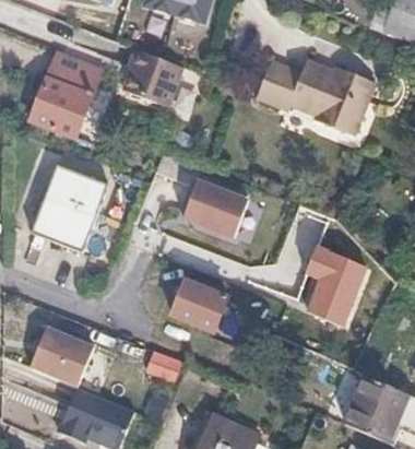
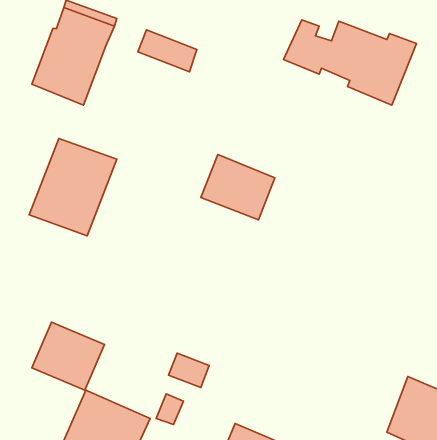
building: [131,48,185,86] -> none
building: [303,246,364,327] -> none
building: [173,283,227,333] -> none

